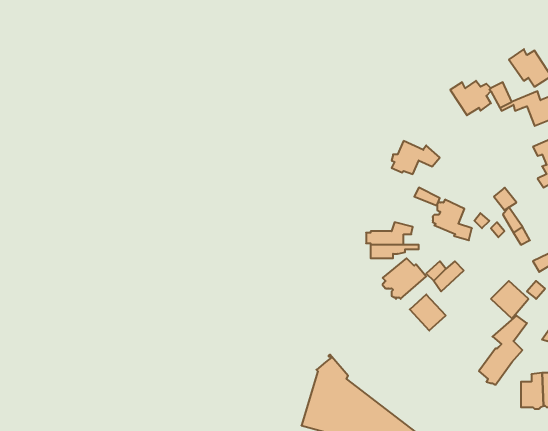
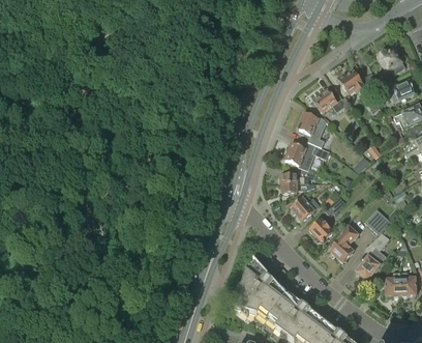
building: none -> [313,88,348,112]
building: [433,200,472,240] -> [284,141,311,169]
building: none -> [330,224,359,261]

